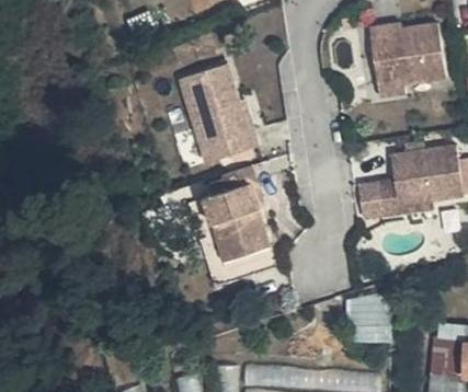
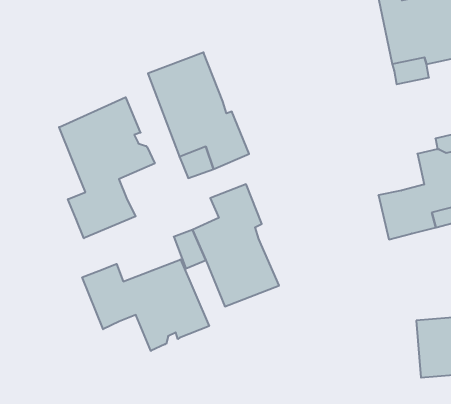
building: none -> [59,97,155,238]
building: none -> [82,259,209,351]

